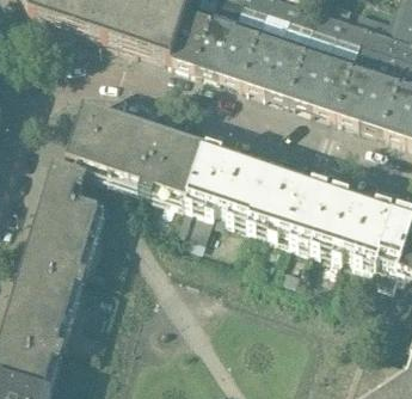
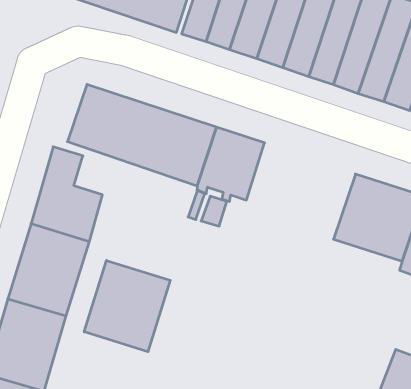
building: [227,156,330,245] -> none
building: none -> [84,260,170,352]

